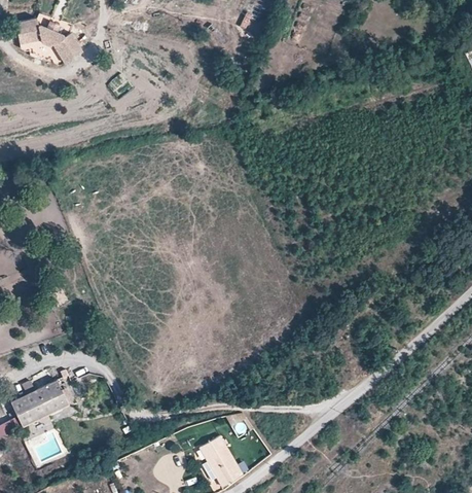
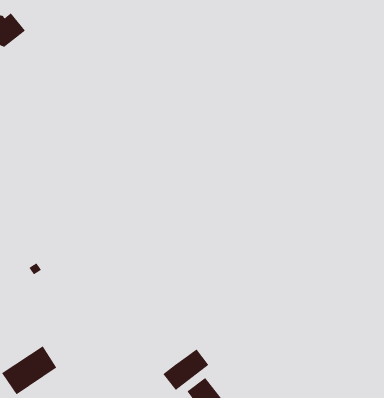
building: none -> [162,348,209,391]

